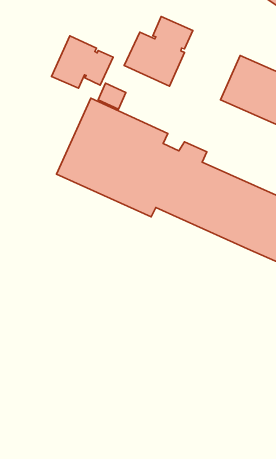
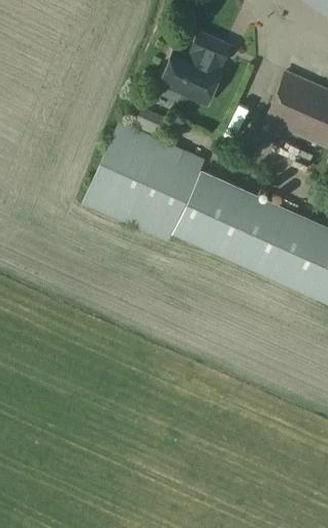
building: [51,36,113,88] -> none

